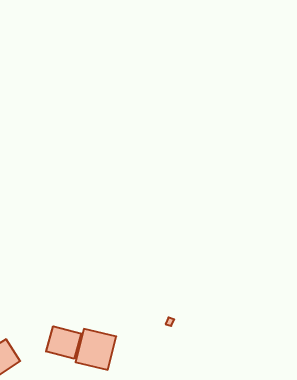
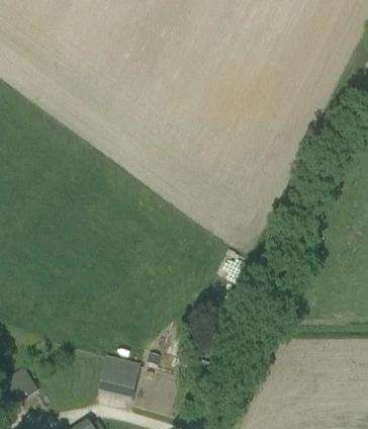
building: [46,326,81,359] -> none

